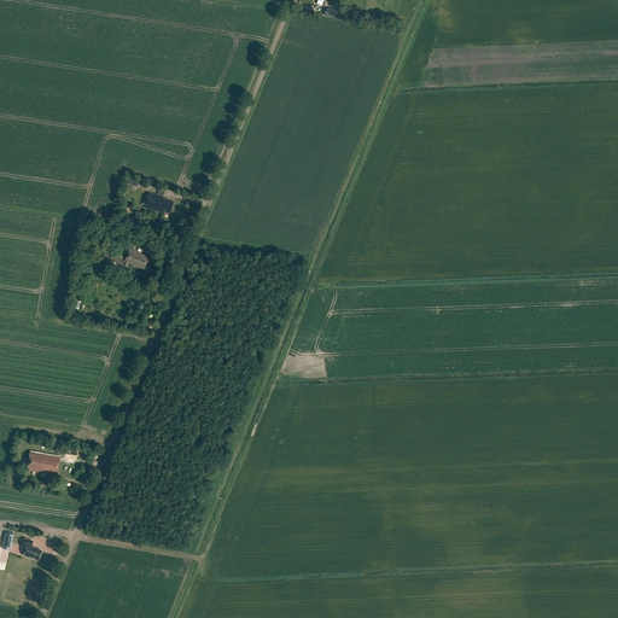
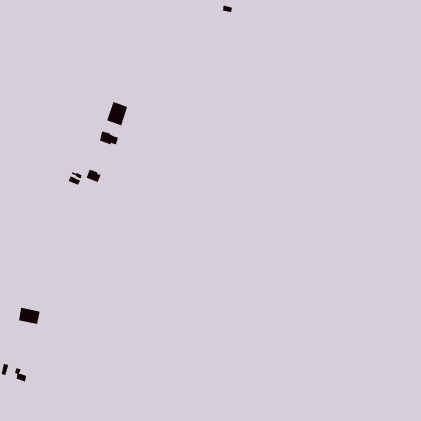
building: none -> [107,101,128,126]

